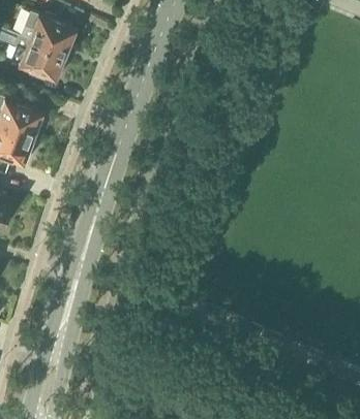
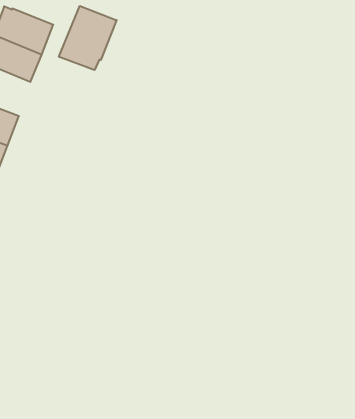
building: none -> [59,6,117,70]

